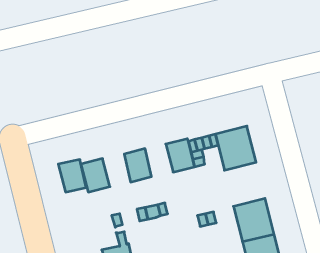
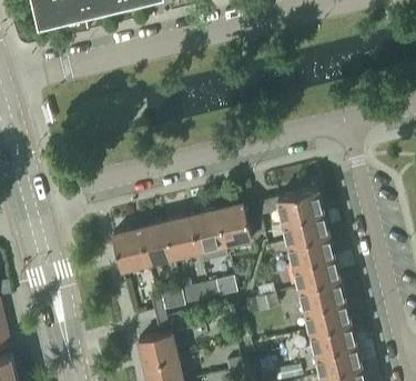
building: none -> [191,212,225,252]
building: [58,160,86,192] -> [139,224,173,264]
building: none -> [288,234,338,289]

